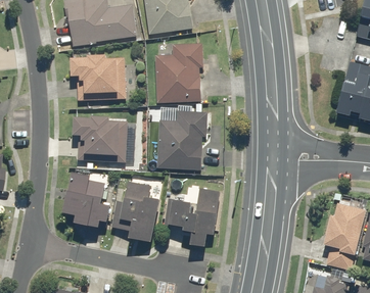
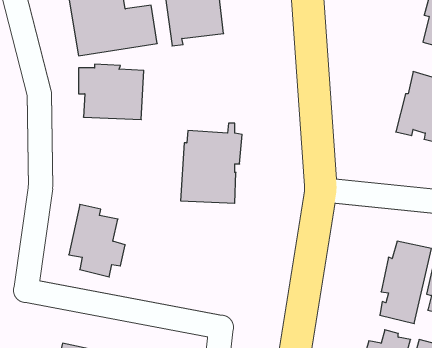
building: [156,43,211,103] -> none
building: [74,115,132,162] -> none
building: [114,182,159,241] -> none
building: [166,189,221,246] -> none

